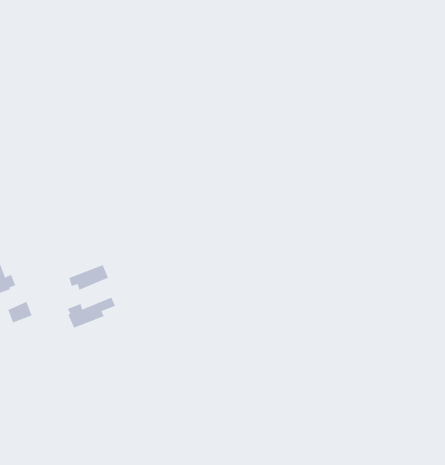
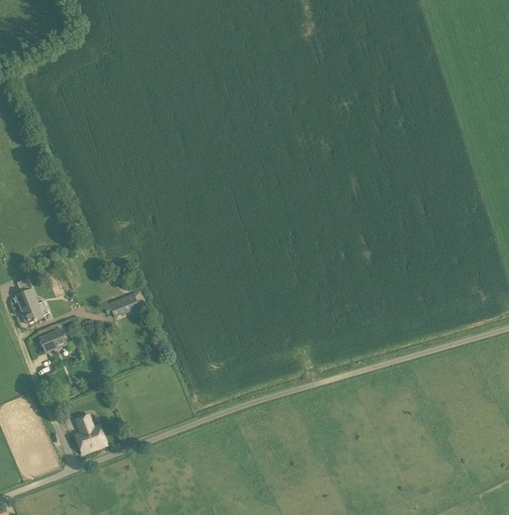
building: [67,297,116,328] -> none
building: none -> [75,414,104,452]

